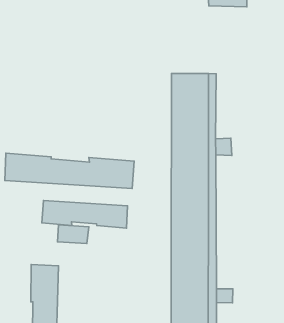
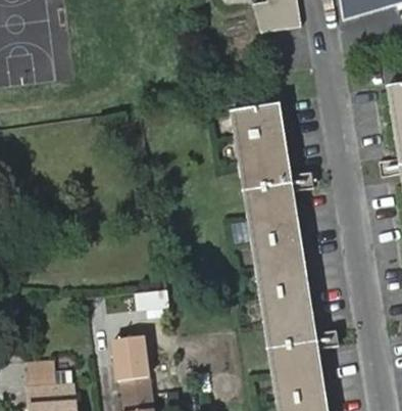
building: [5,153,134,189] -> none
building: [42,200,127,228] -> none

